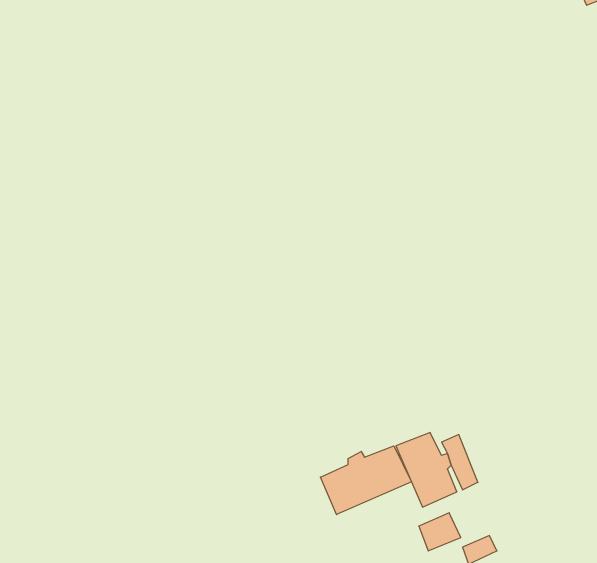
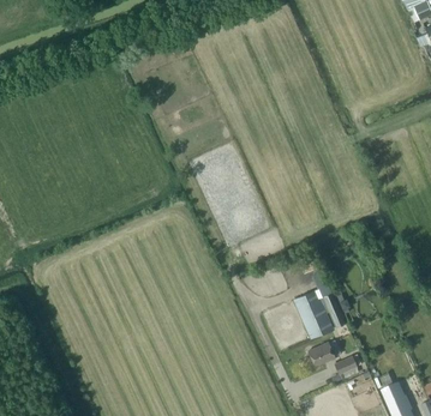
building: [320,446,412,515] -> none

